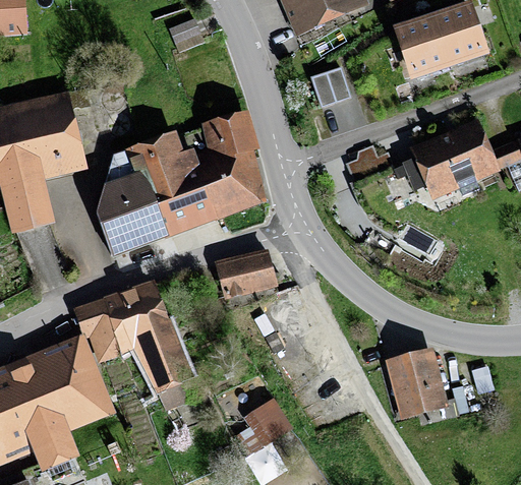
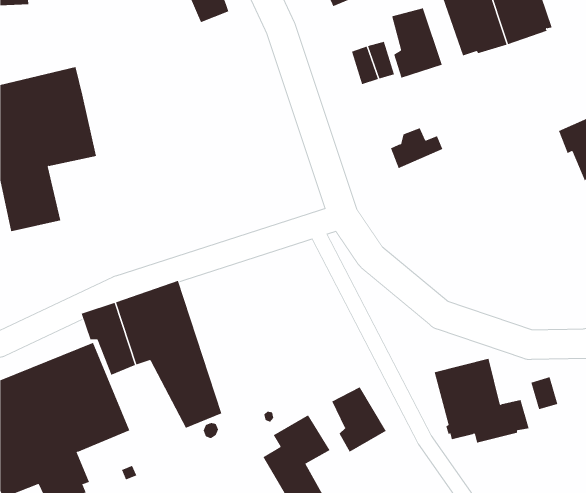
building: none -> [392,7,443,79]
building: [96,112,267,259] -> none
building: [394,118,501,200] -> none
building: [214,248,277,299] -> none
building: none -> [331,386,387,453]

